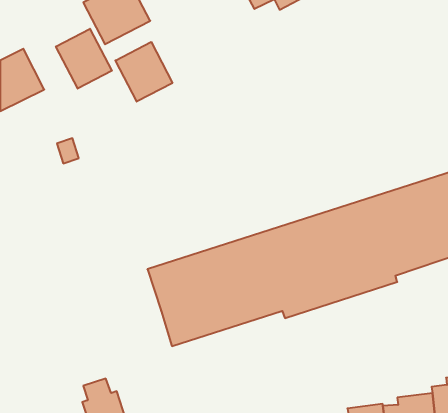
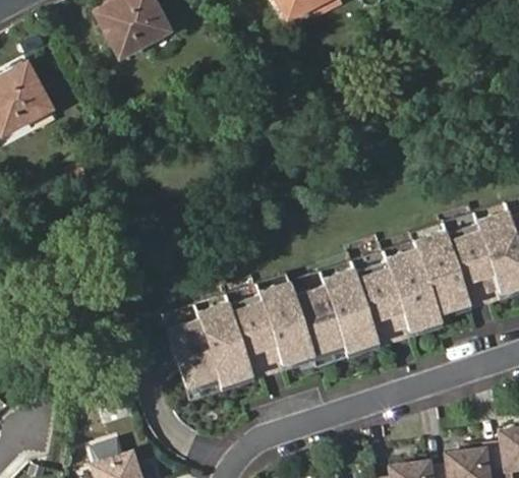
building: [56,29,112,89] -> none
building: [115,42,172,102] -> none

